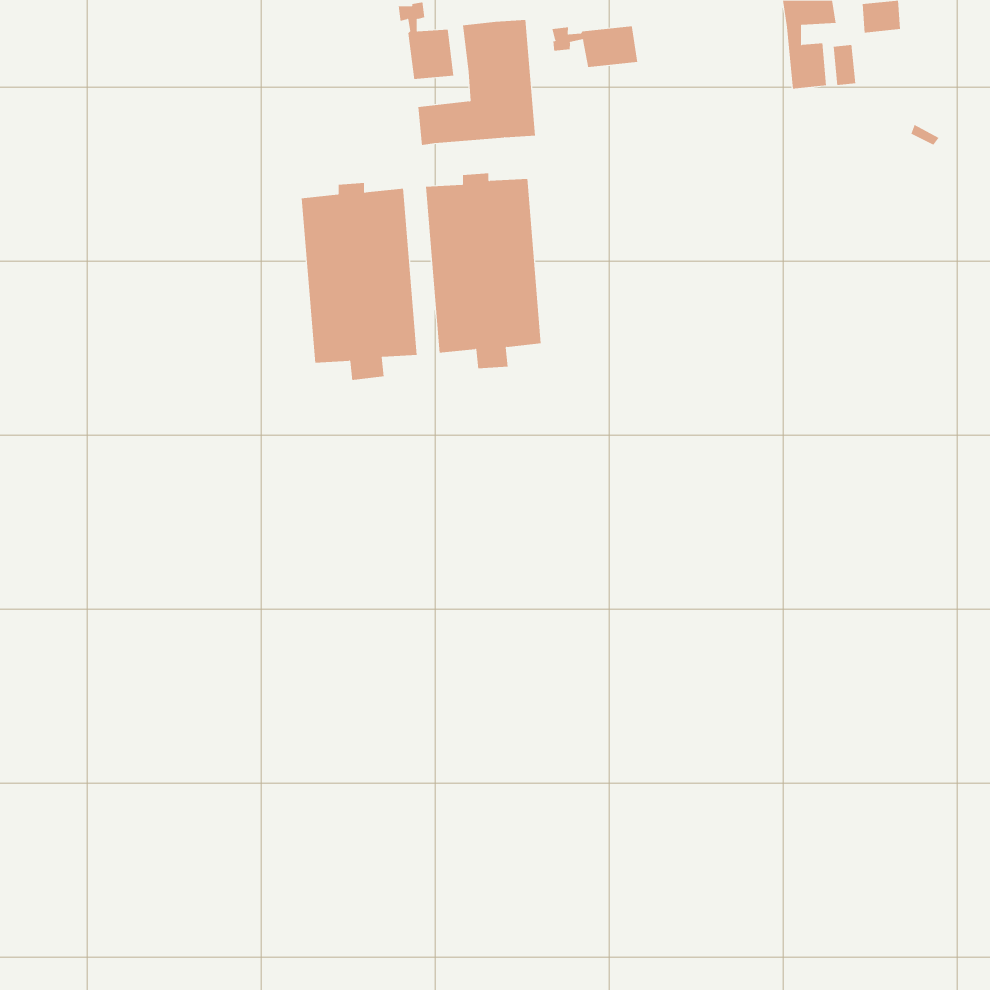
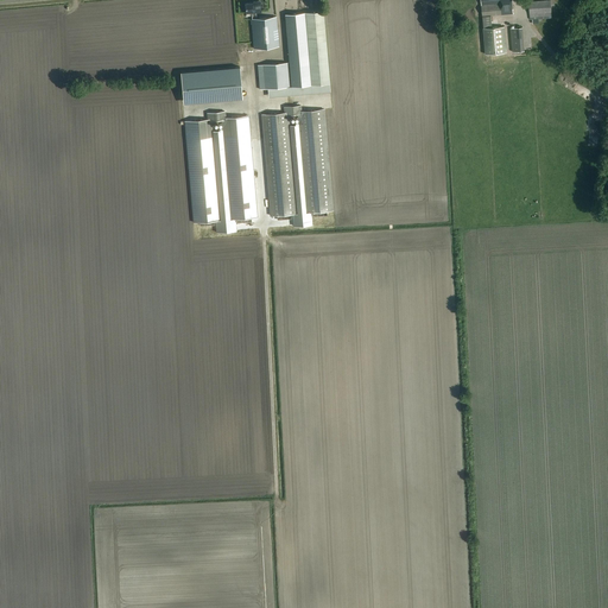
building: [552,25,638,68] -> none
building: none -> [179,68,241,104]

